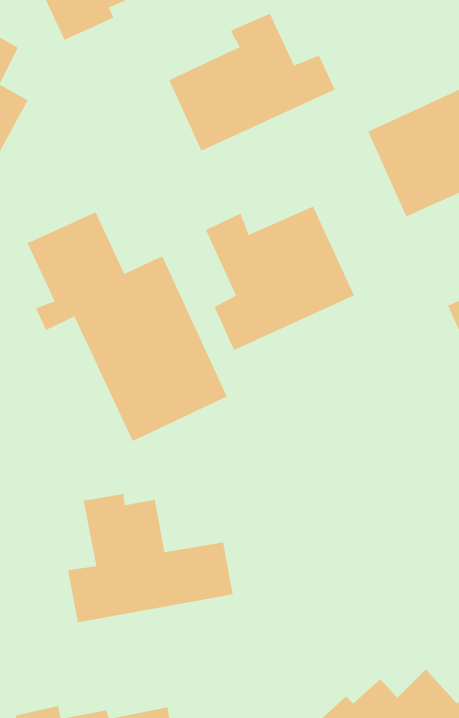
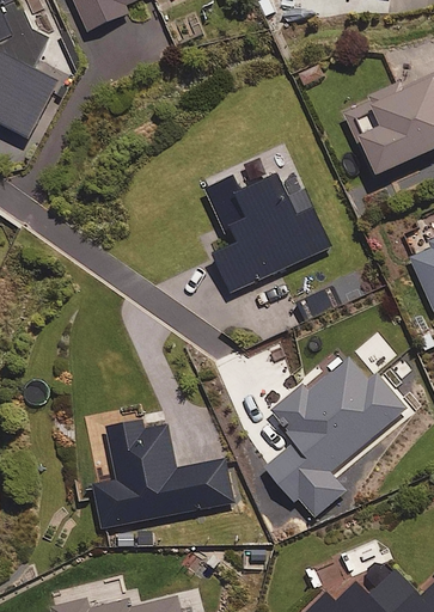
building: [169,13,336,151] -> none
building: [27,211,227,442] -> none
building: none -> [263,353,402,518]

